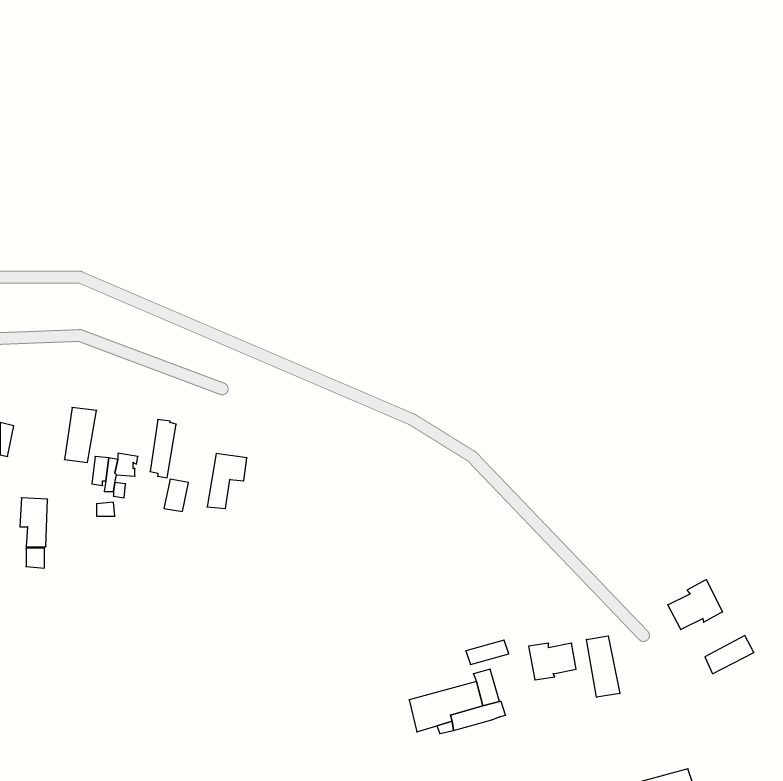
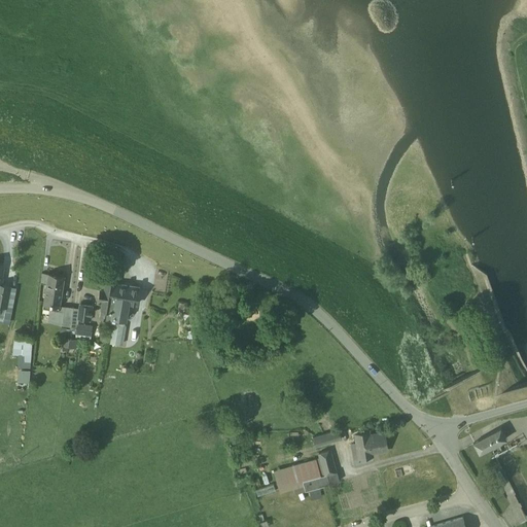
building: [207,453,247,509] -> [112,286,139,323]
building: [668,580,723,630] -> none
building: [586,636,620,697] -> none

